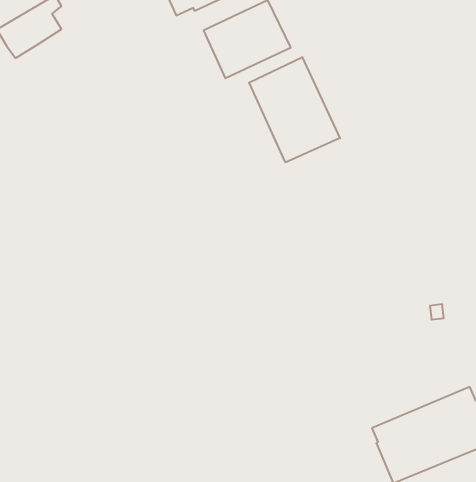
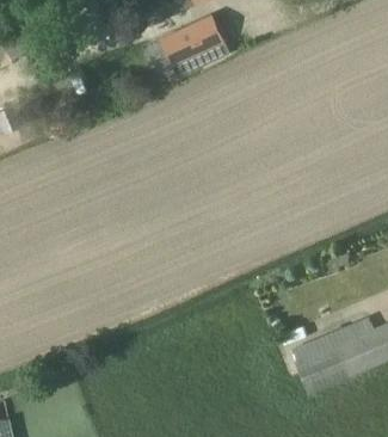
building: [249,57,340,162] -> none

